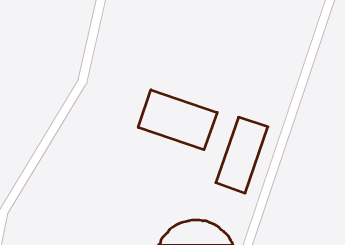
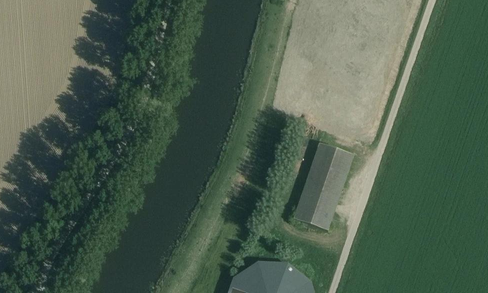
building: [138,90,217,150] -> none

